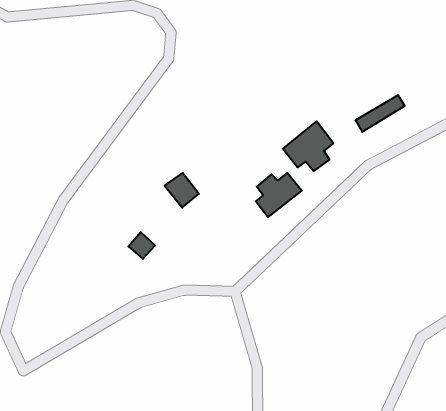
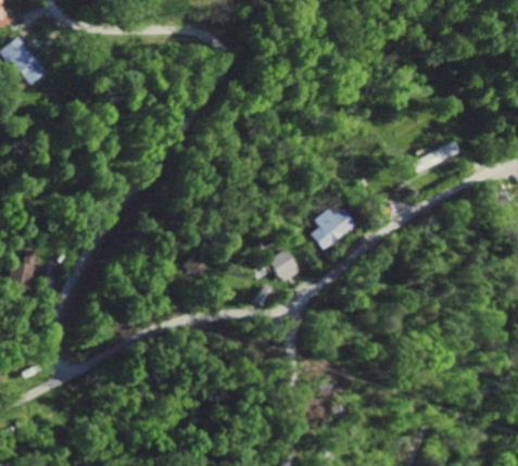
building: [283,121,333,171] -> none
building: [165,173,199,208] -> [266,249,299,282]

